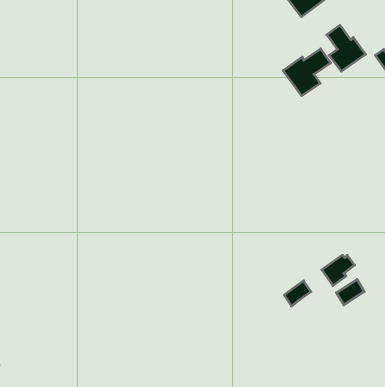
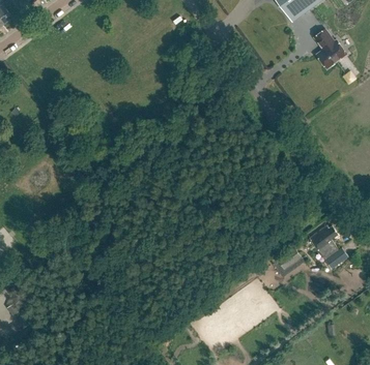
building: [283,49,331,96] -> none

